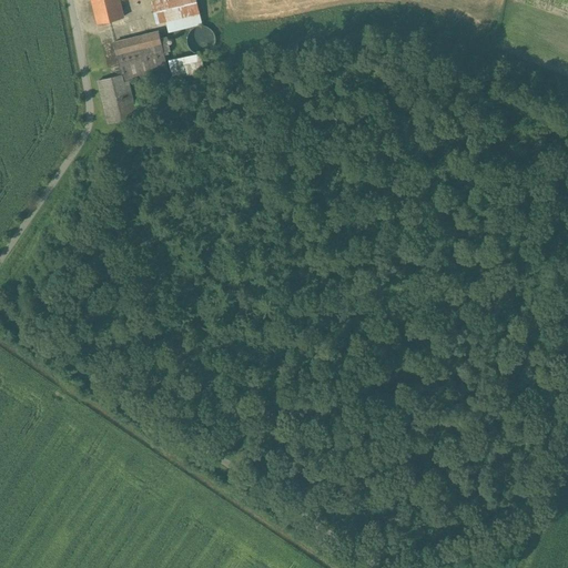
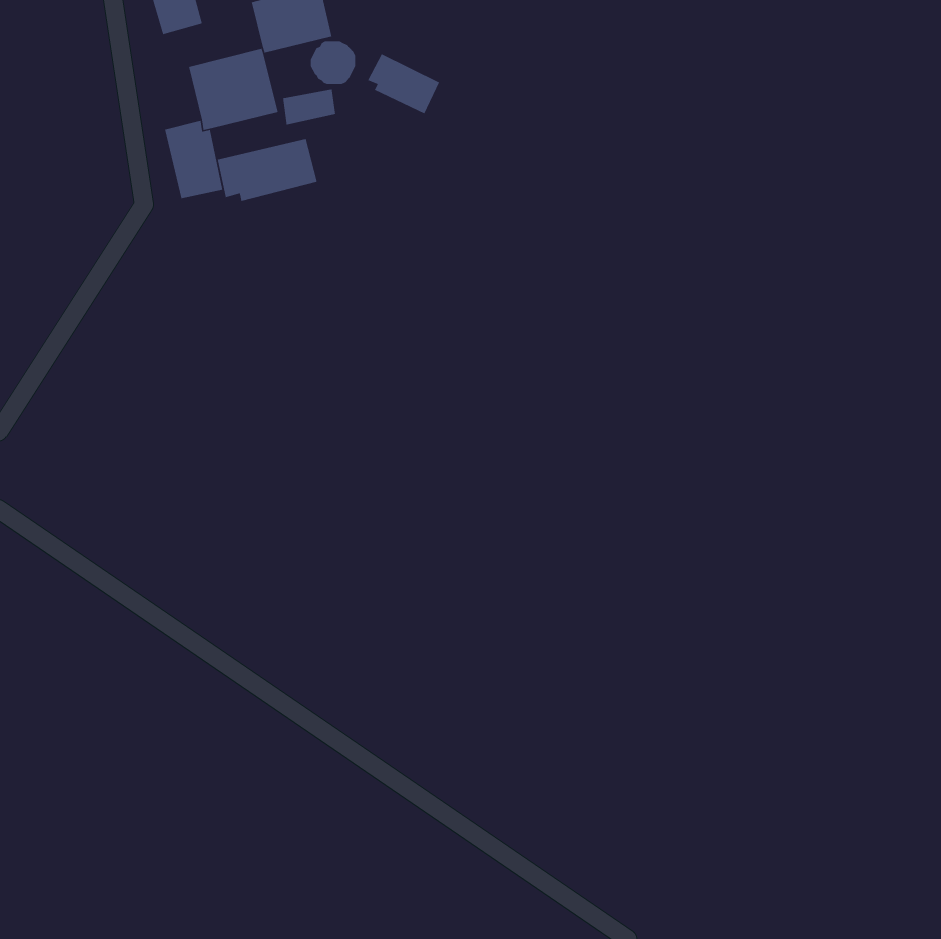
building: none -> [367,53,440,114]
building: none -> [217,138,318,202]

